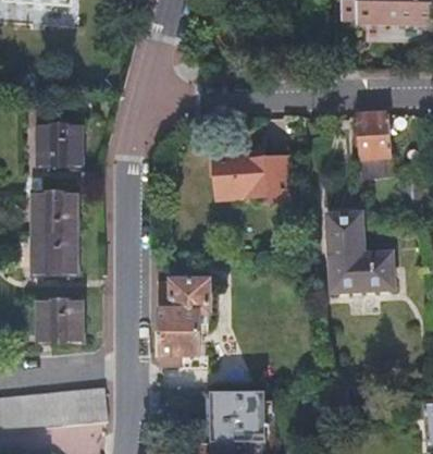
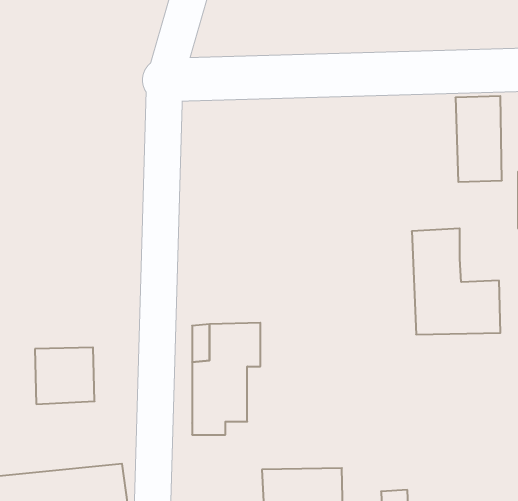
building: [37,123,82,168] -> none
building: [210,149,289,205] -> none
building: [32,194,76,277] -> none

